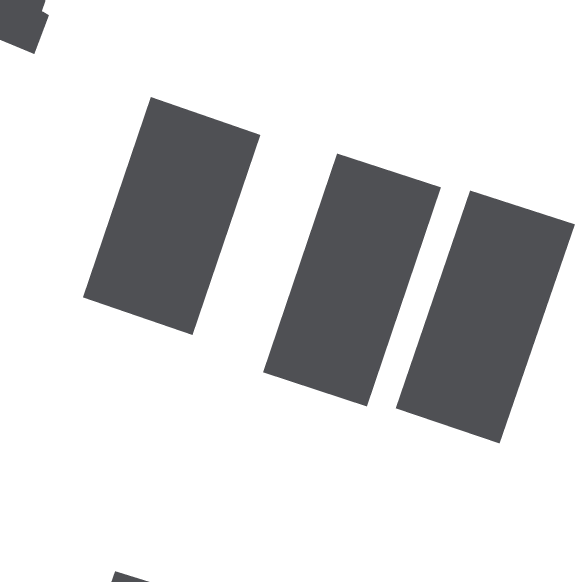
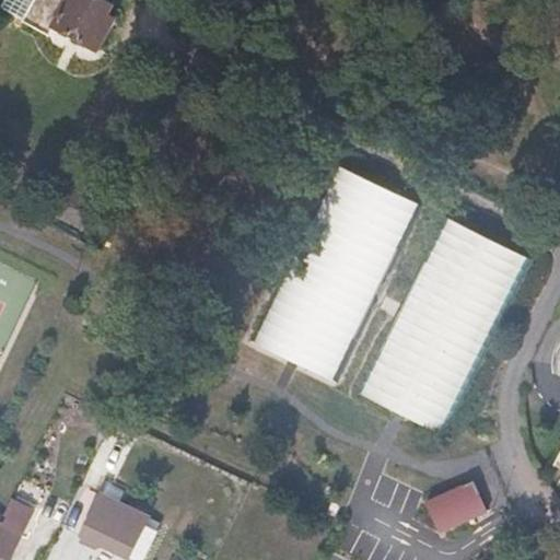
building: [82,96,261,336] -> none
building: none -> [423,479,482,527]

